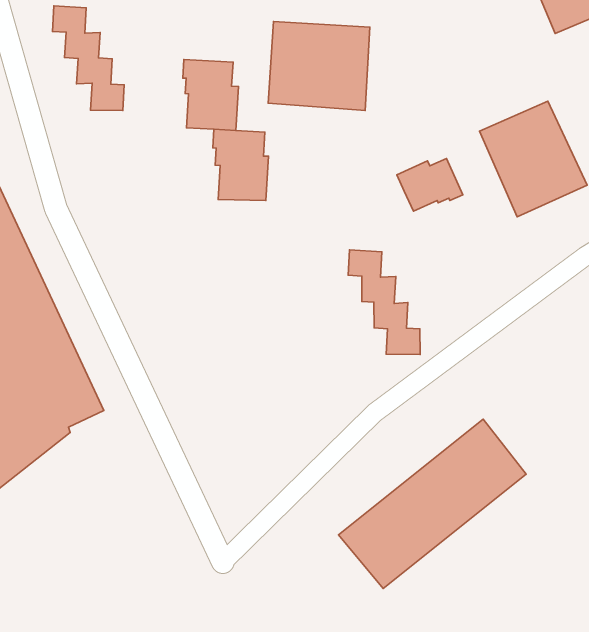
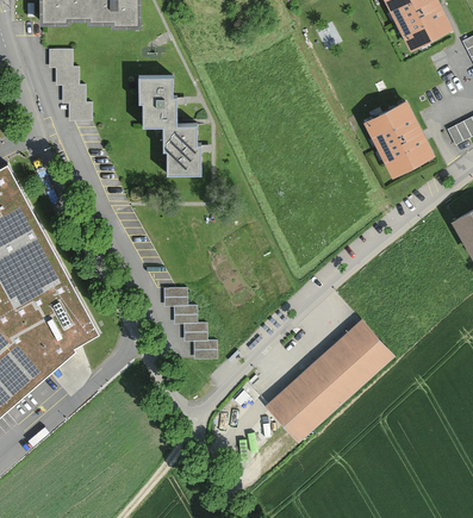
building: [268,22,370,111] -> none
building: [397,158,463,211] -> none
building: [348,250,420,354] -> [163,287,217,358]

